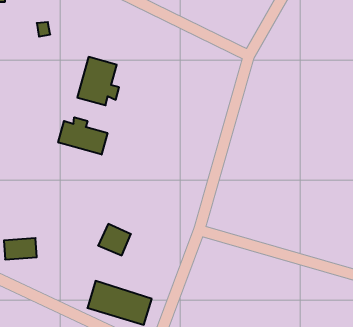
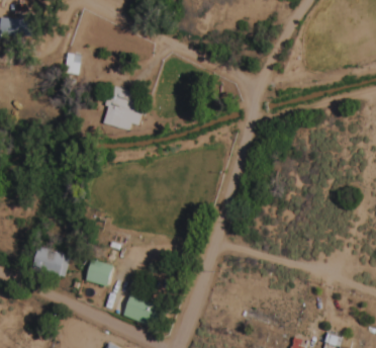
building: [58,117,107,155] -> none
building: [98,224,131,255] -> [85,258,114,286]

